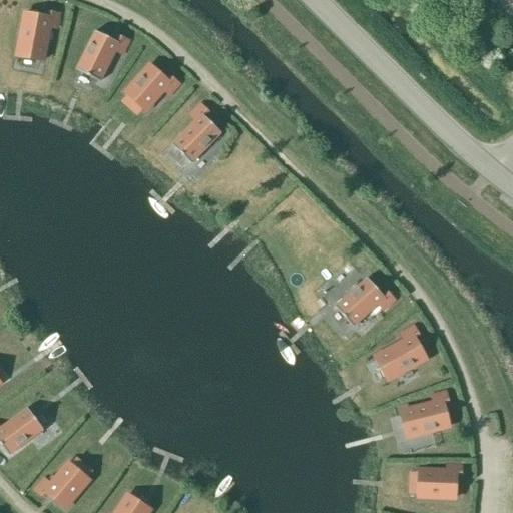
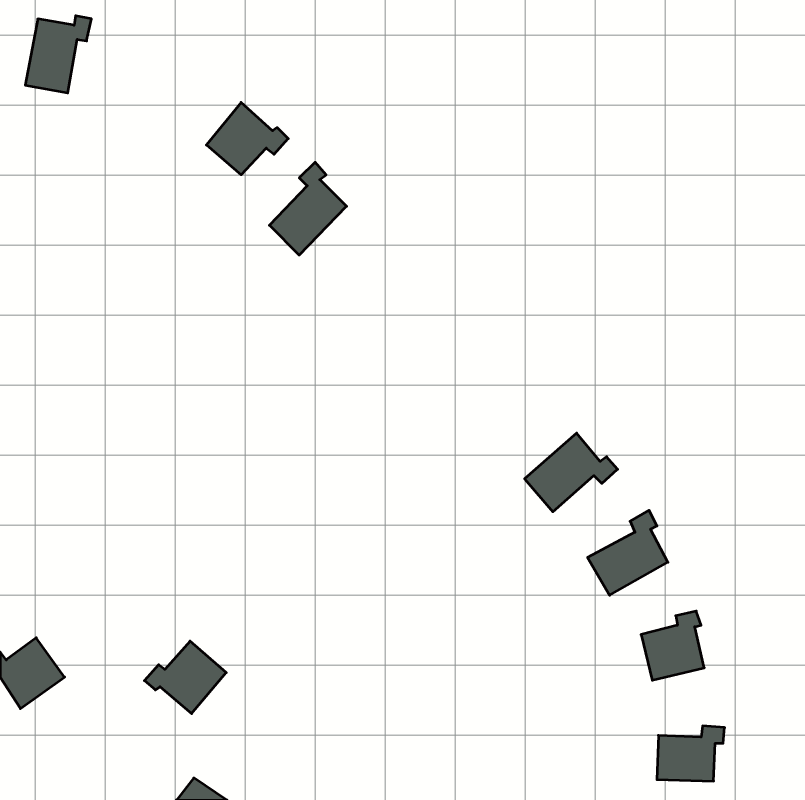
building: [85,32,135,77] -> none
building: [40,458,92,504] -> [144,641,226,714]

